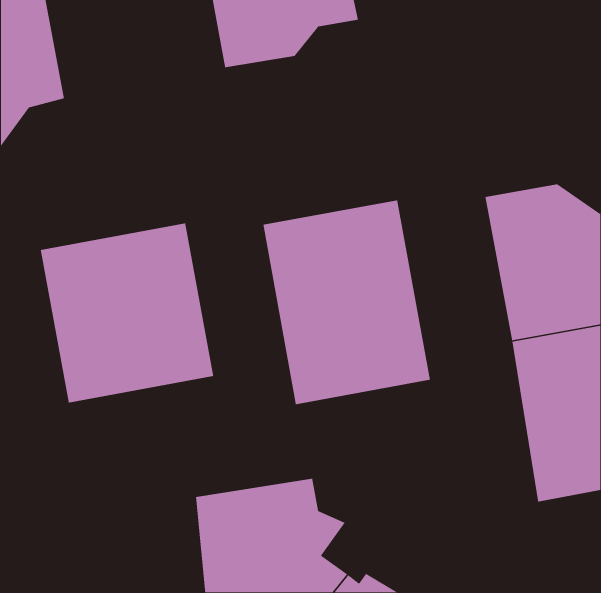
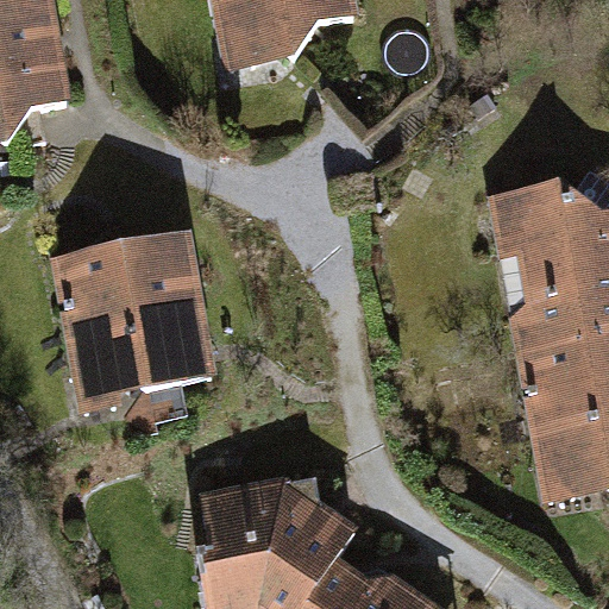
building: [262,199,431,405] -> none

